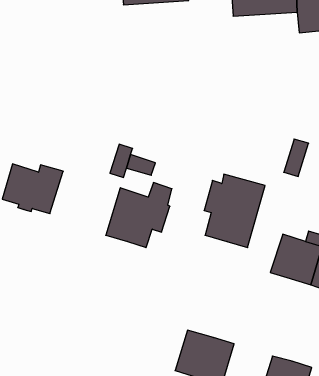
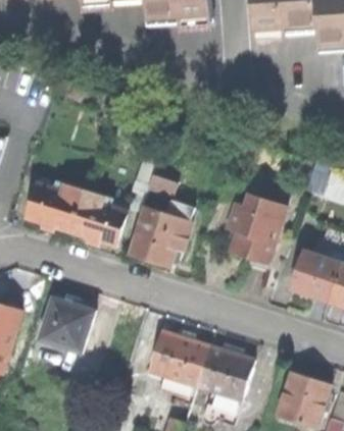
building: none -> [73,188,128,245]
building: none -> [41,297,95,352]
building: none -> [152,331,209,385]

